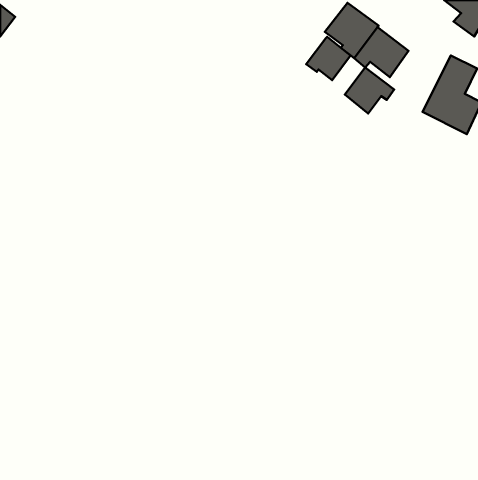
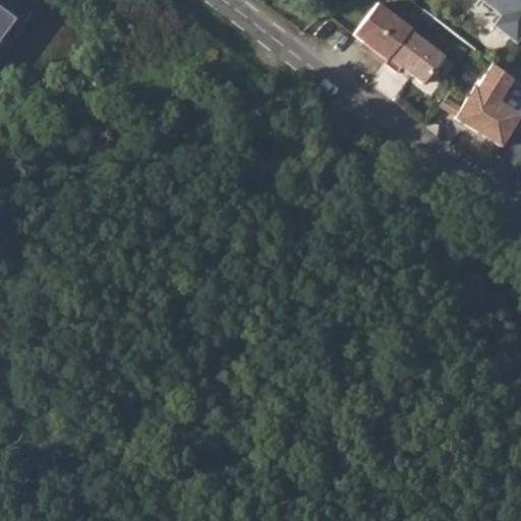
building: [306,37,350,80] -> none
building: [345,68,394,113] -> none

